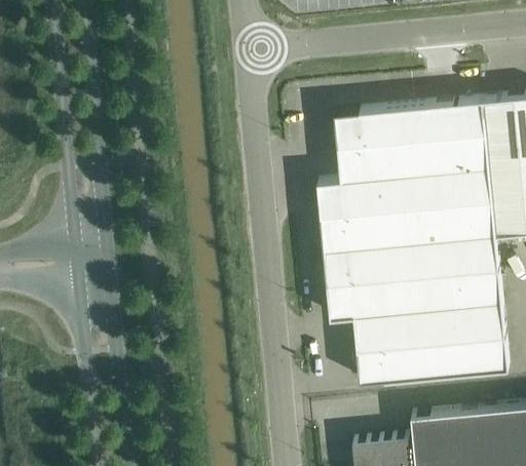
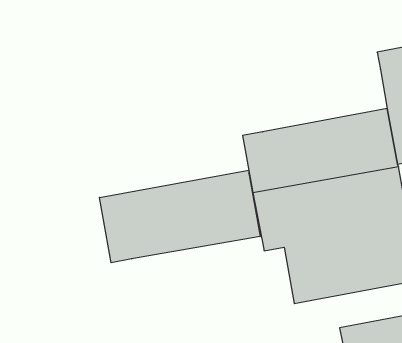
building: [335,103,489,184] -> none
building: none -> [99,170,260,263]

